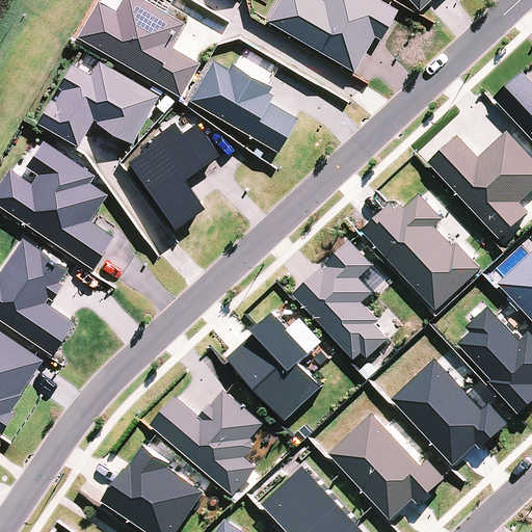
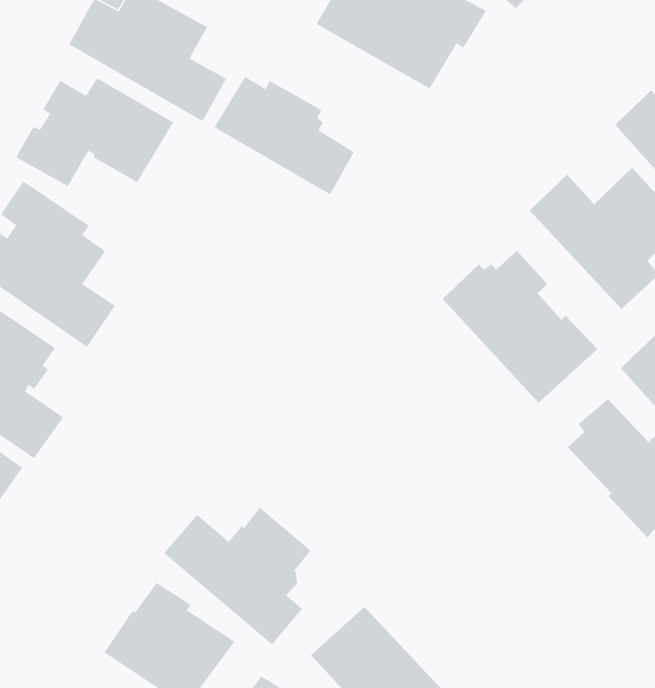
building: [127,122,217,229] -> none
building: [291,240,387,360] -> none
building: [229,312,322,421] -> none
building: [390,358,506,464] -> none
building: [328,414,446,522] -> none

